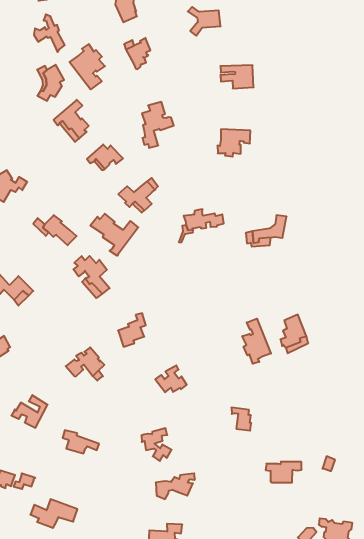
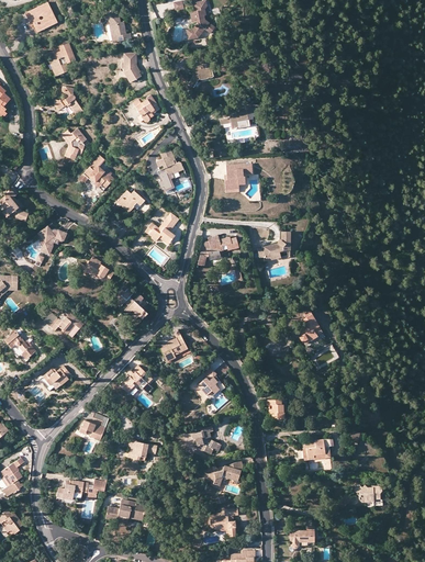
building: [70,44,105,89] -> none
building: [90,214,138,256] -> none
building: [242,319,271,364] -> none

